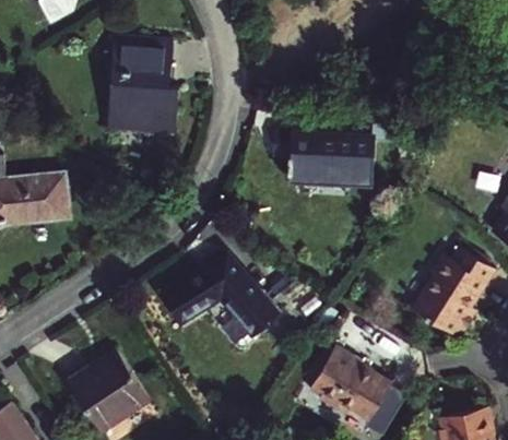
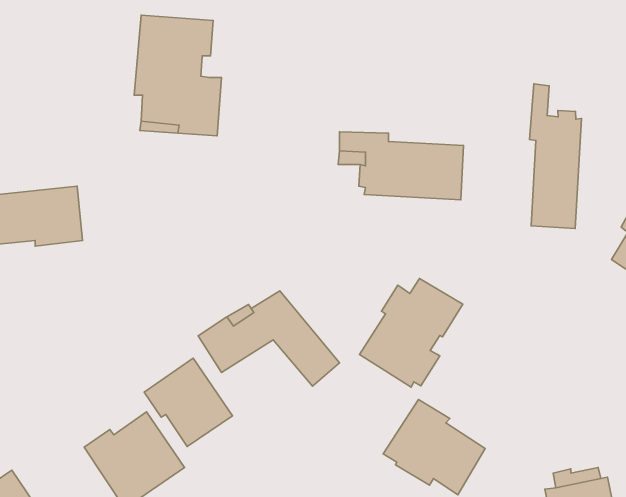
building: none -> [529,84,581,229]
building: [412,248,495,335] -> [360,278,463,387]
building: none -> [144,358,233,447]

